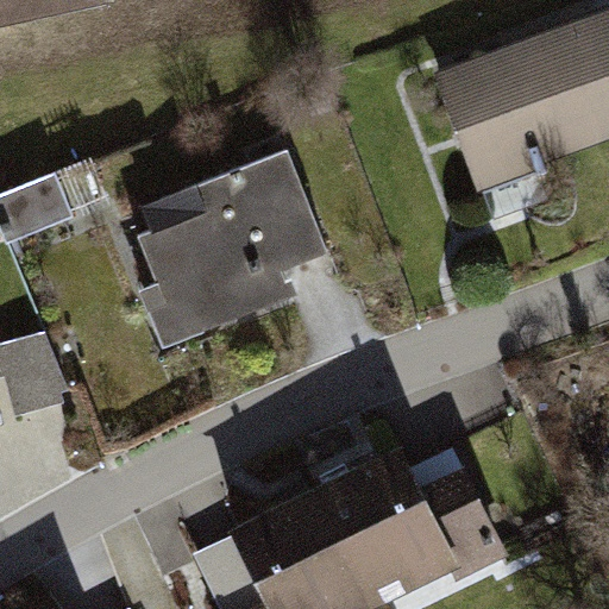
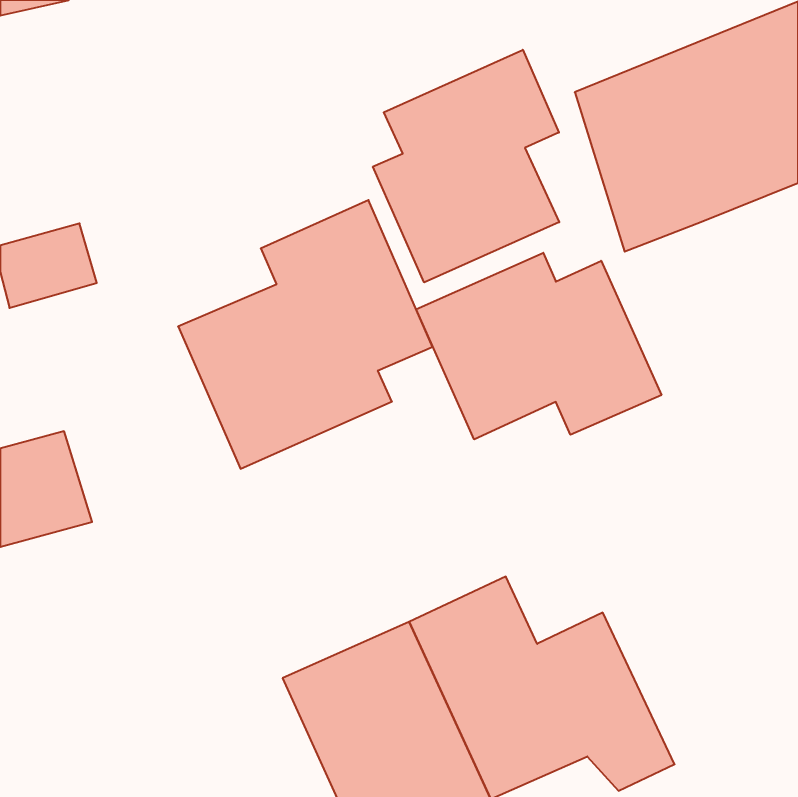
building: none -> [373,50,559,282]
building: none -> [416,253,661,439]

